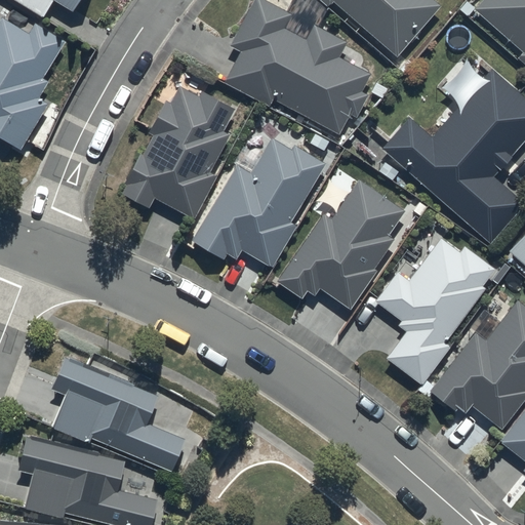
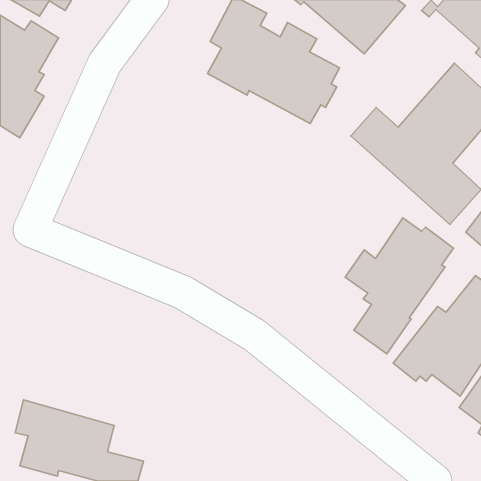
building: [122,86,235,217] -> none
building: [192,136,325,269] -> none
building: [276,179,405,309] -> none
building: [51,357,184,472] -> none

